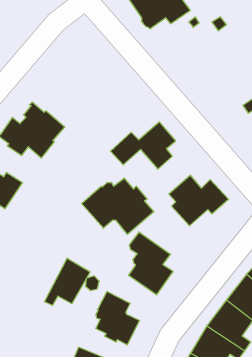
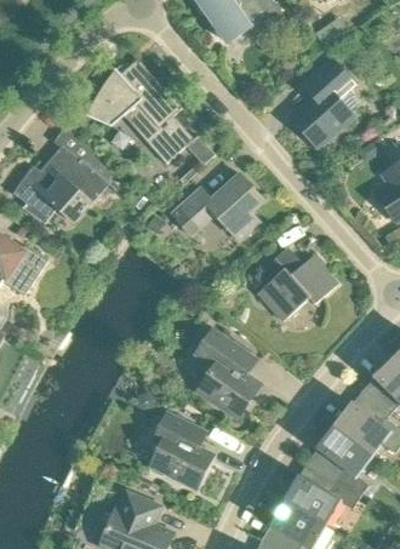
building: none -> [290,57,354,147]
building: none -> [87,58,194,162]
building: [82,178,154,234] -> none
building: [45,258,90,306] -> none

